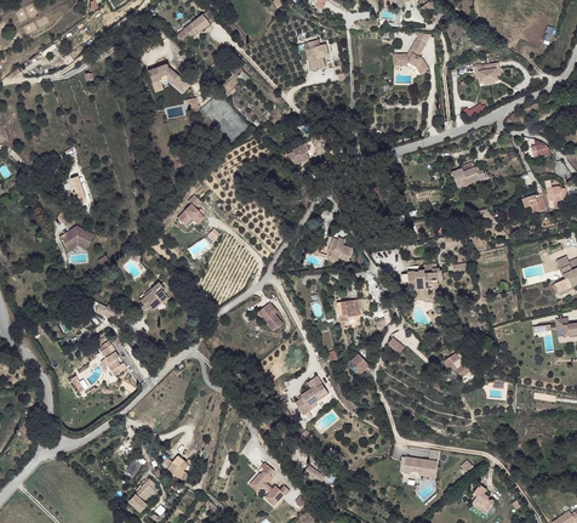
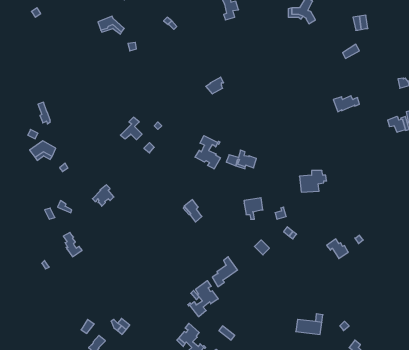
building: none -> [195,136,220,169]
building: none -> [188,281,218,317]

